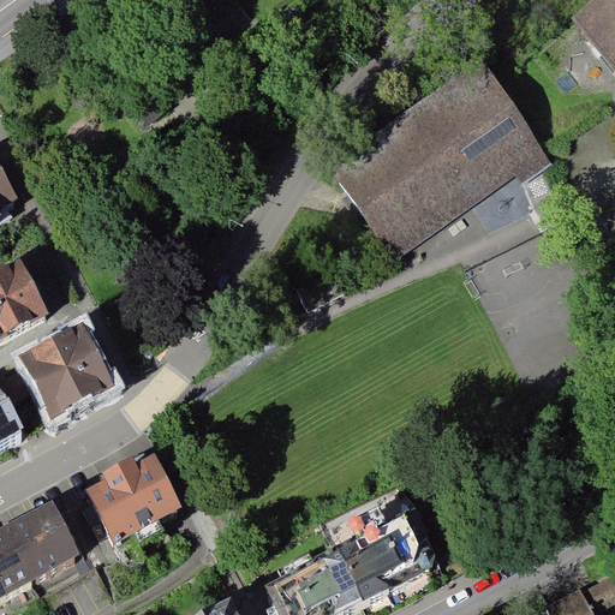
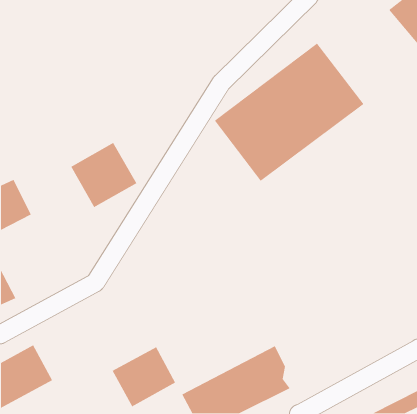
building: [22,324,120,422] -> [70,142,137,208]
building: [85,450,180,541] -> [111,346,176,408]

